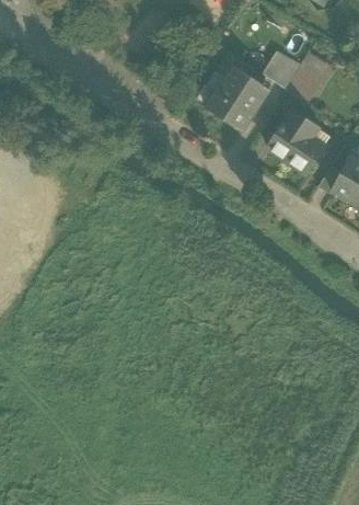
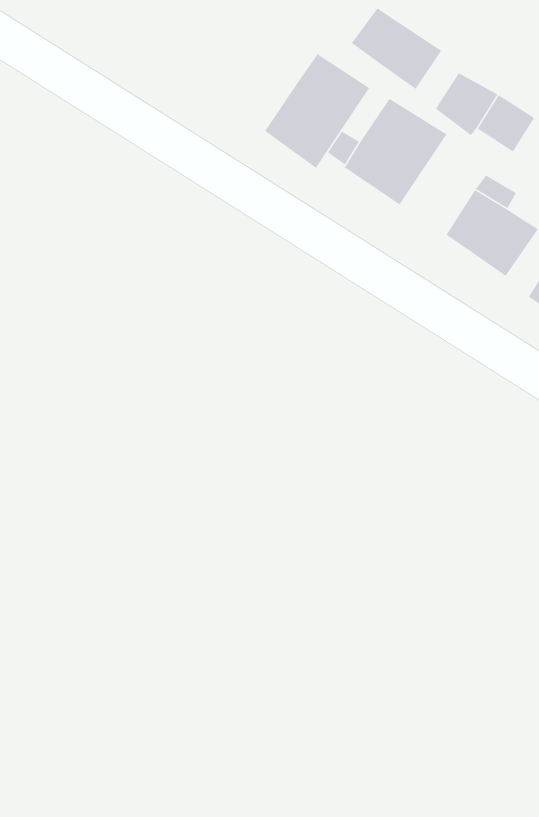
building: none -> [351,7,442,90]
building: none -> [264,53,370,169]

